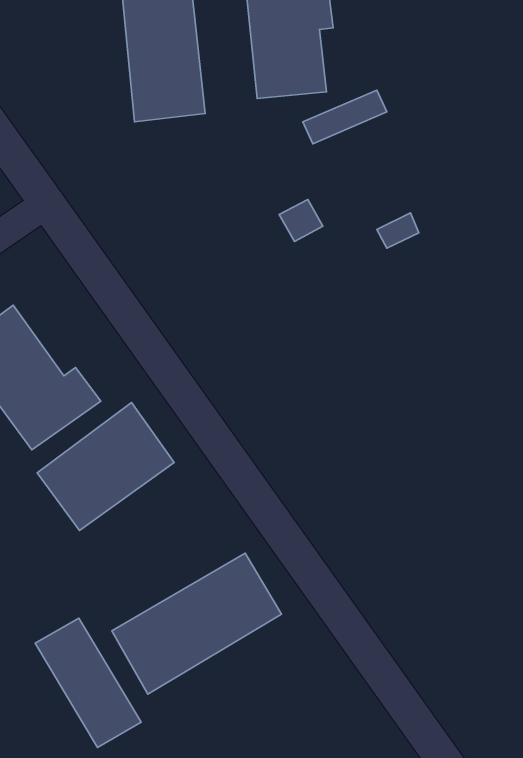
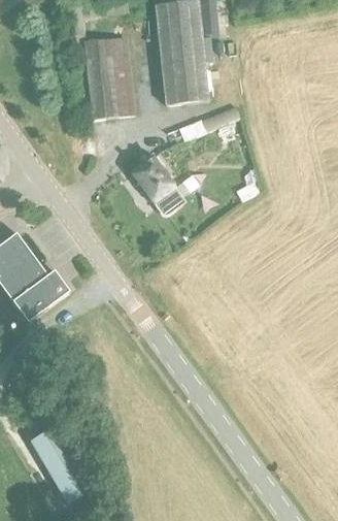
building: none -> [130,153,185,216]
building: [37,403,174,530] -> none
building: [112,553,282,694] -> none

